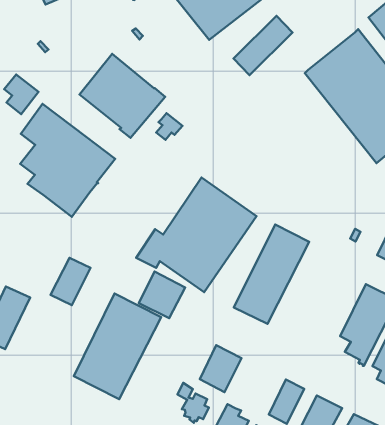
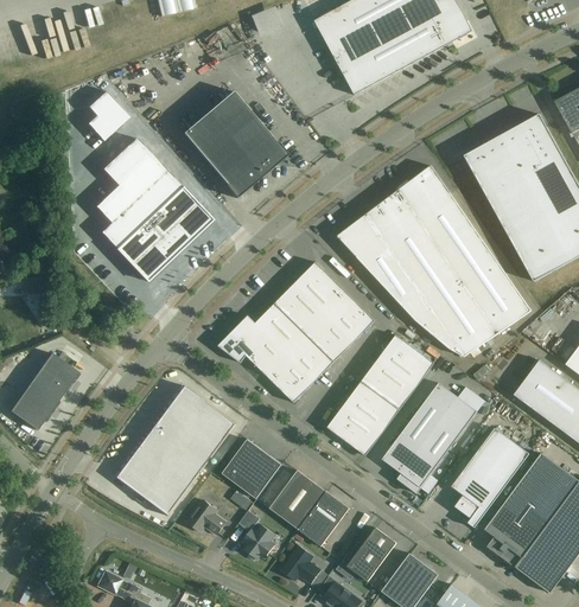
building: [233,16,293,75] -> none
building: none -> [337,165,530,356]
building: [156,113,183,140] -> none
building: none -> [382,382,476,492]
building: [51,258,91,305] -> none
building: [139,272,185,318] -> [221,437,281,498]
building: none -> [297,490,349,545]
building: none -> [186,499,225,533]

